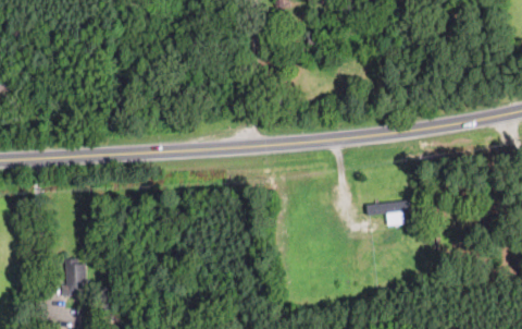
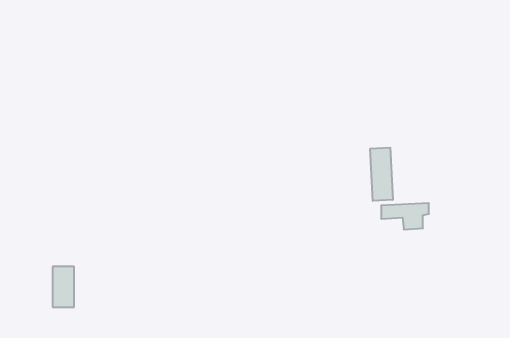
building: none -> [370,148,393,201]

